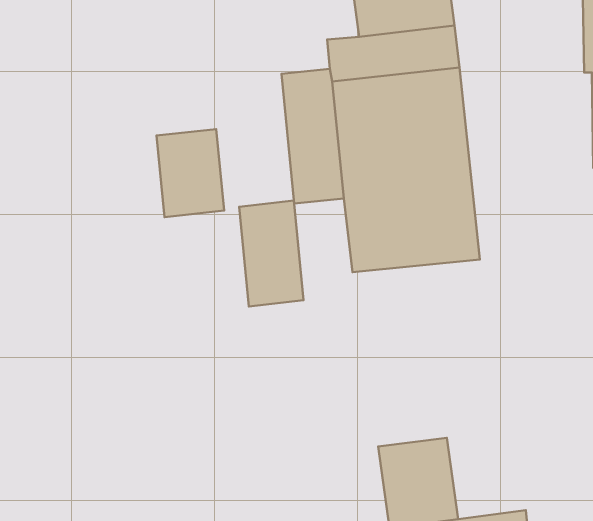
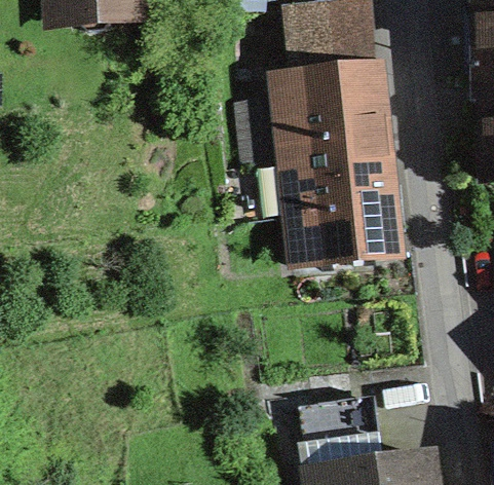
building: [156,129,224,217] -> none
building: [239,201,304,306] -> none

